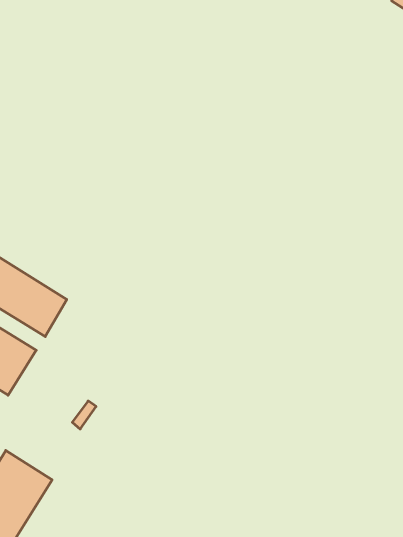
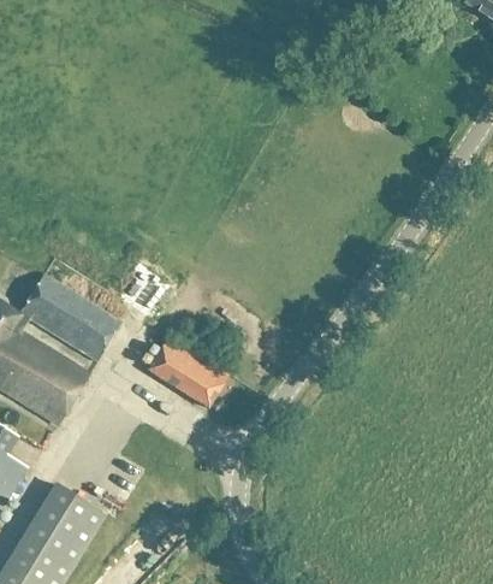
building: none -> [147,337,228,408]

